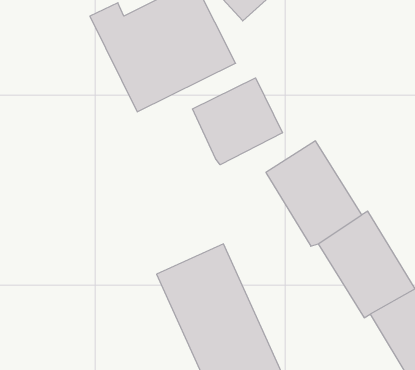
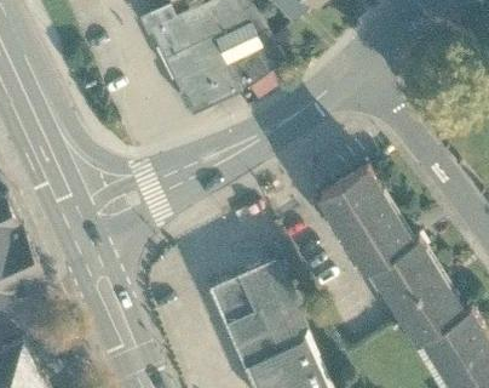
building: [192,78,282,165] -> none

